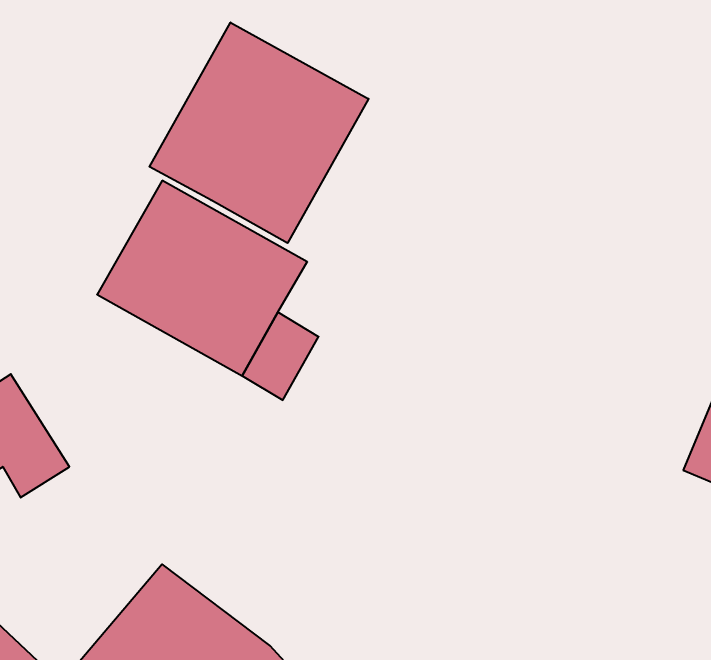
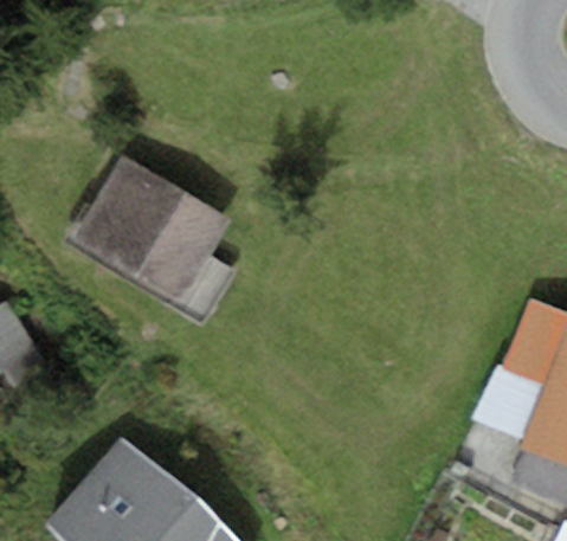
building: [149,22,369,243] -> none

